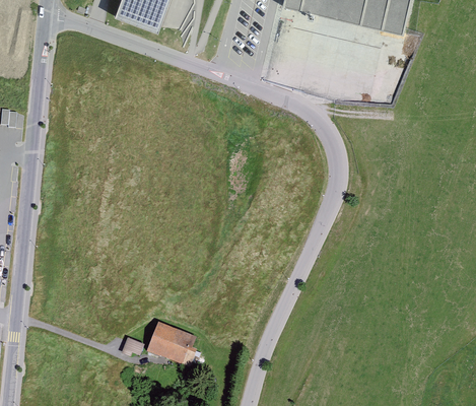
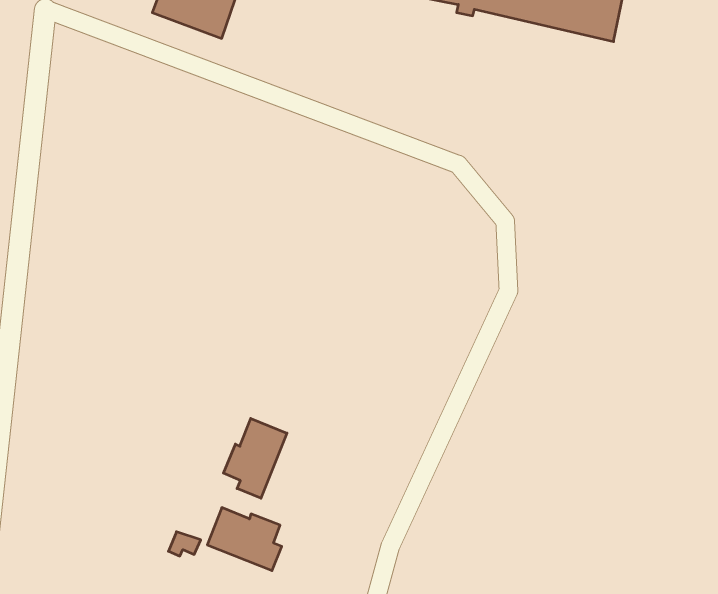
building: none -> [223,418,287,498]

